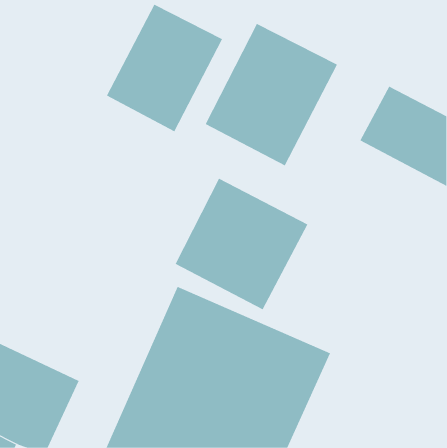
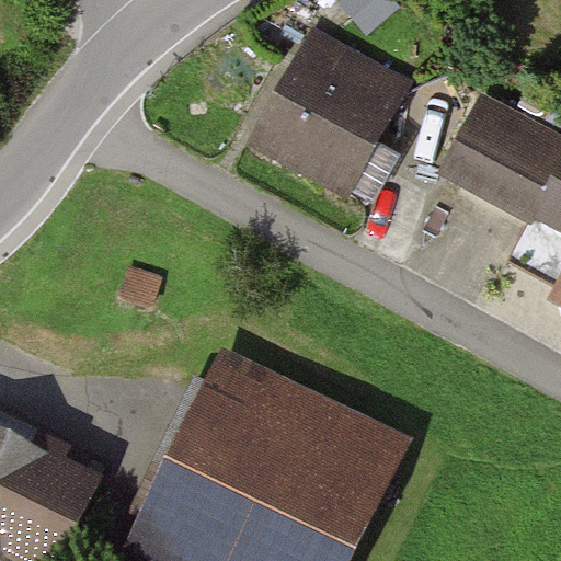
building: [106,4,223,132] -> none
building: [175,178,308,310] -> none

